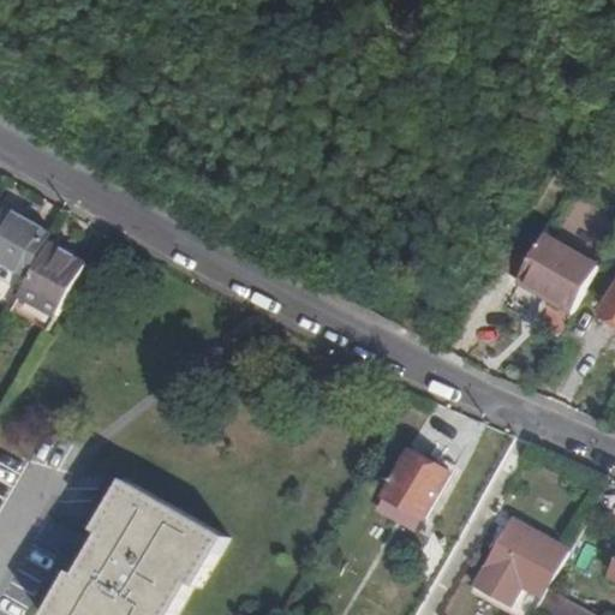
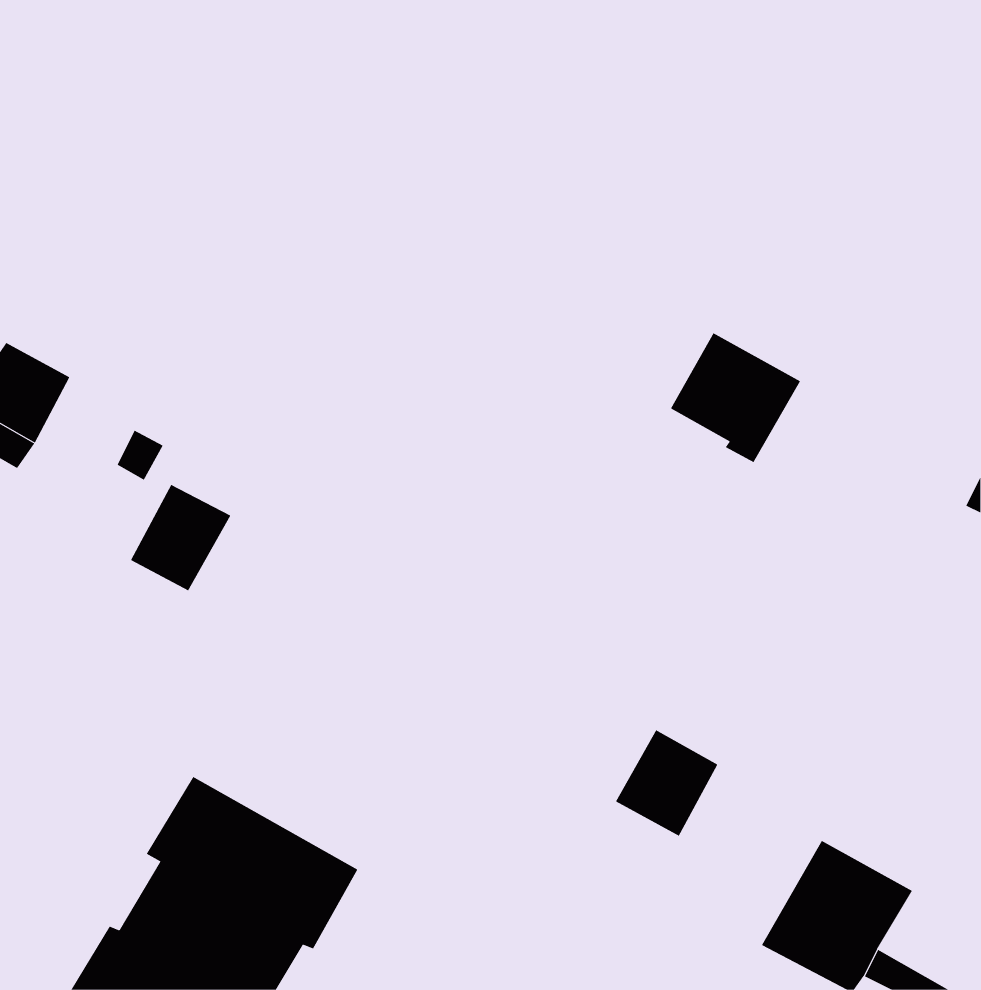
building: [517,229,597,310] -> [670,333,801,463]
building: [13,250,76,316] -> [130,484,231,591]

